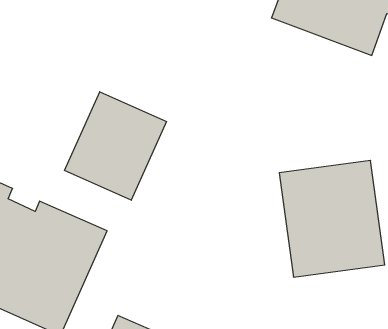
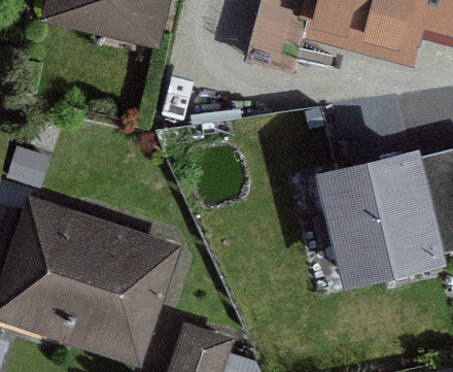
building: [64,92,167,200] -> none

